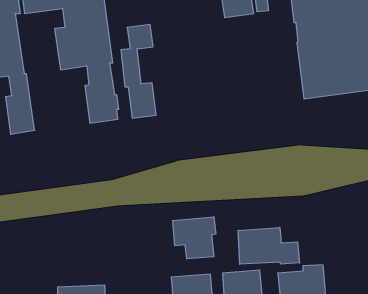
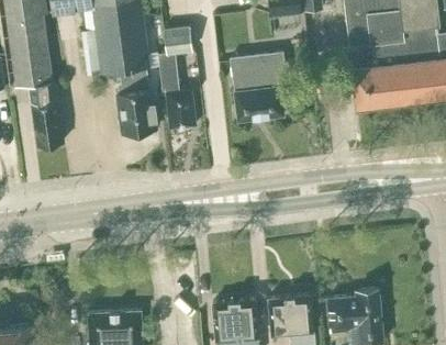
building: none -> [230,53,286,123]
building: [173,217,216,259] -> none
building: [238,227,300,264] -> none

